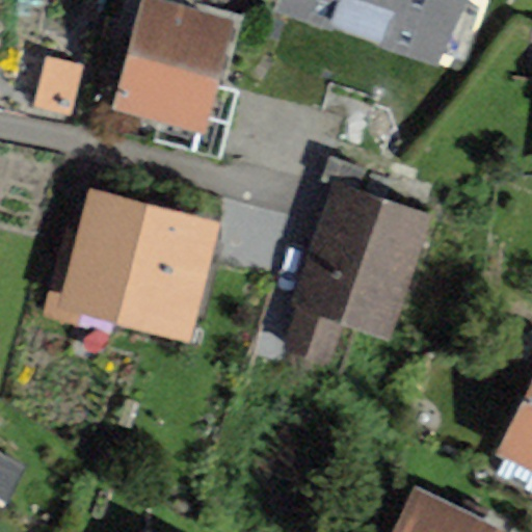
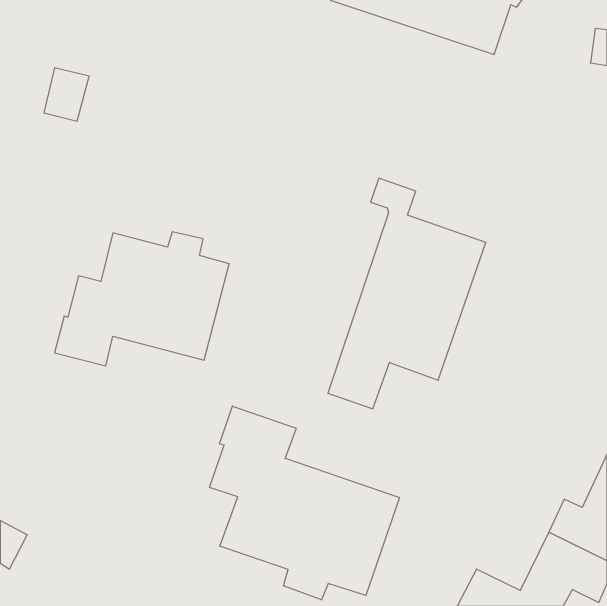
building: [117,4,221,151] -> none
building: none -> [209,406,399,600]

